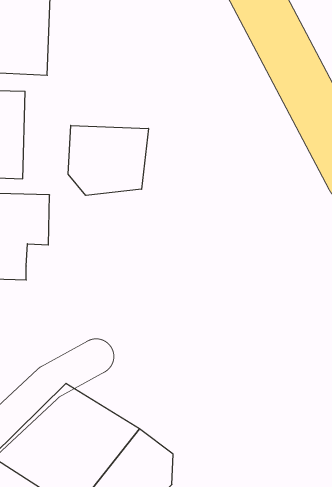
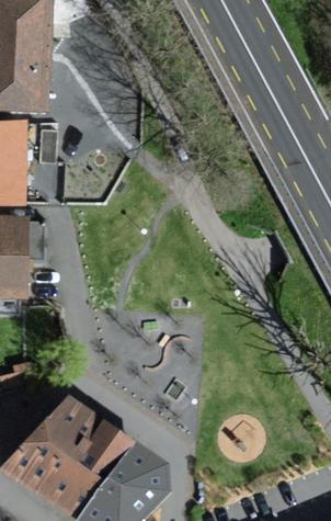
building: [68,125,148,195] -> none

